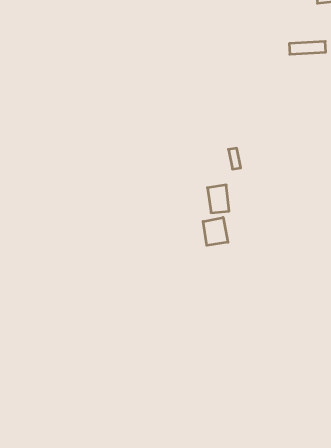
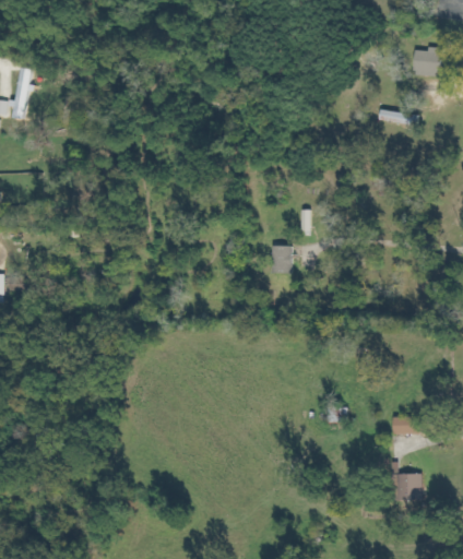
building: [203,217,228,245] -> none

